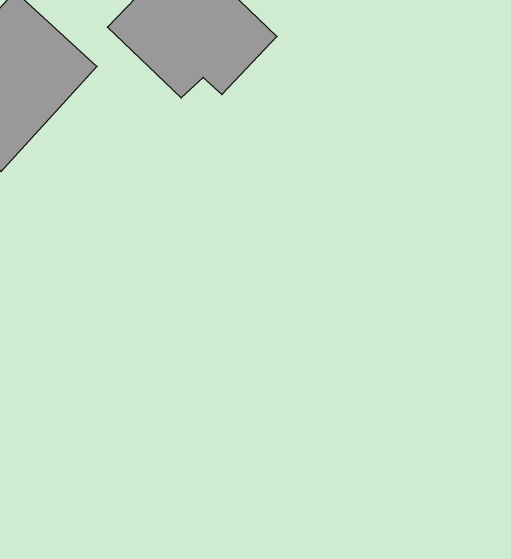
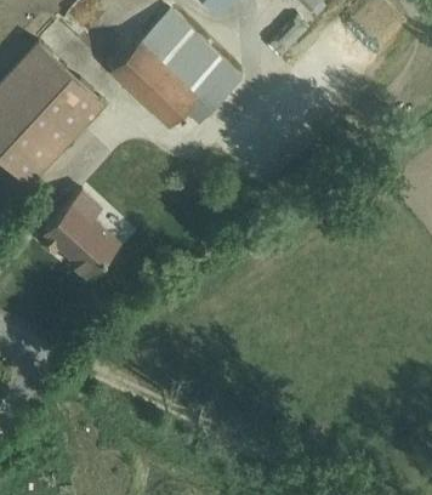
building: none -> [39,190,120,278]

